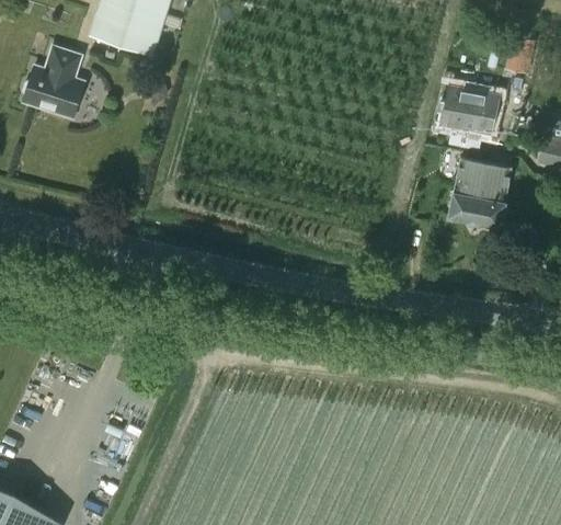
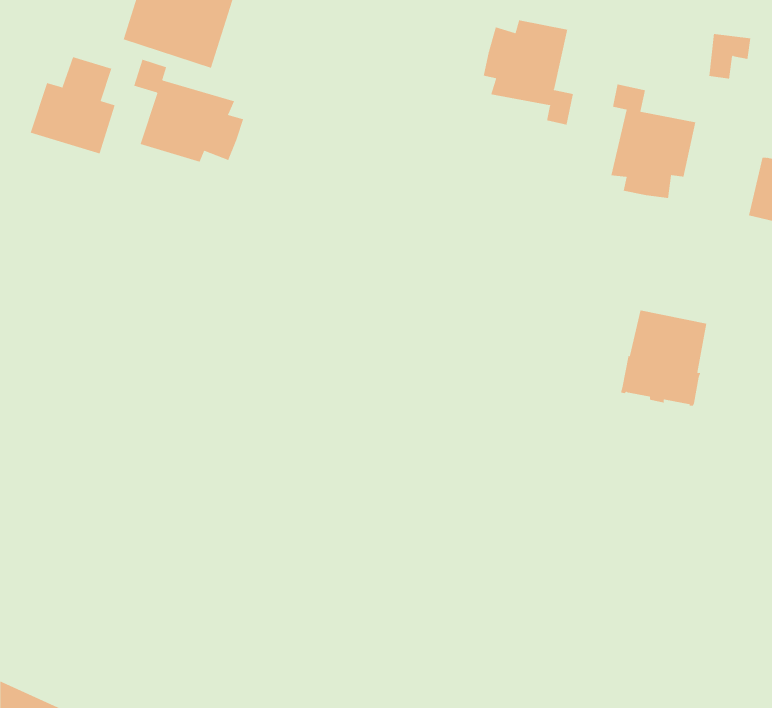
building: none -> [483,19,574,126]
building: none -> [134,59,244,162]
building: [449,156,512,225] -> [620,310,707,406]

